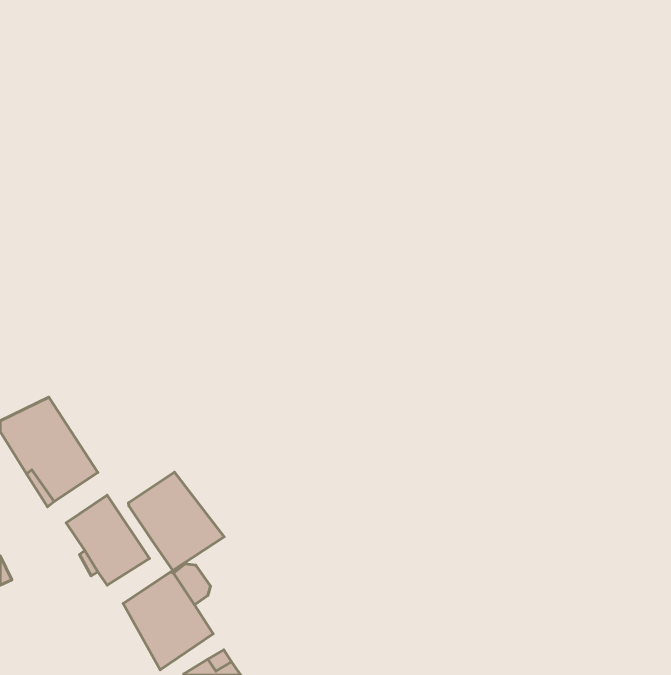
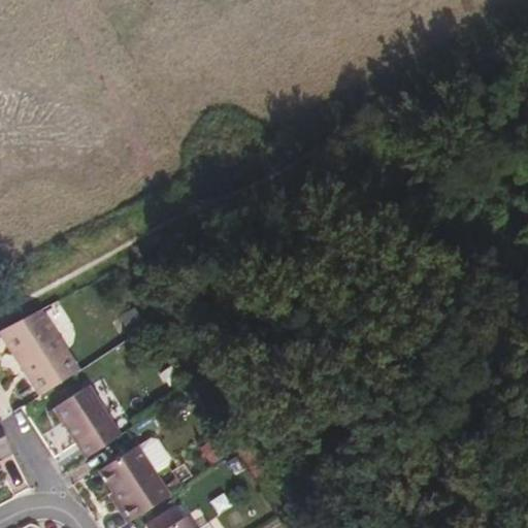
building: [129,472,224,571] -> none

